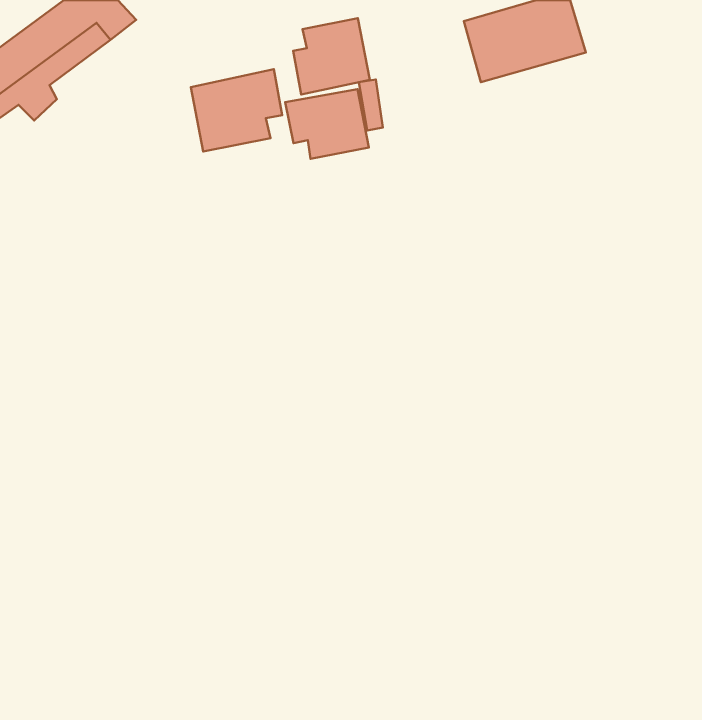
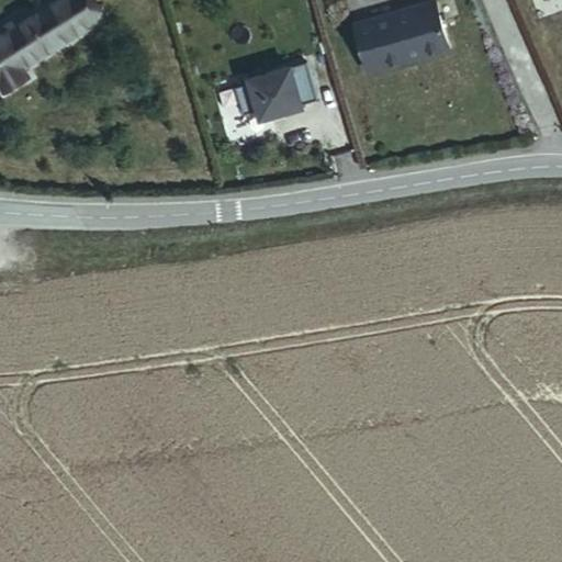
building: [293,18,370,95] -> none
building: [191,69,282,151] -> none

